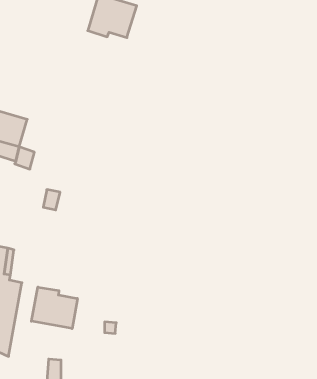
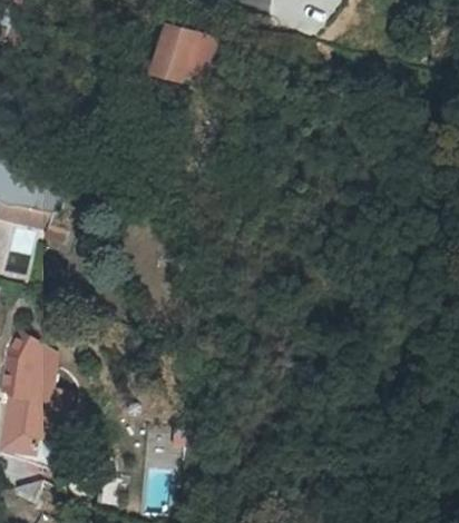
building: [31,287,77,329] -> none

